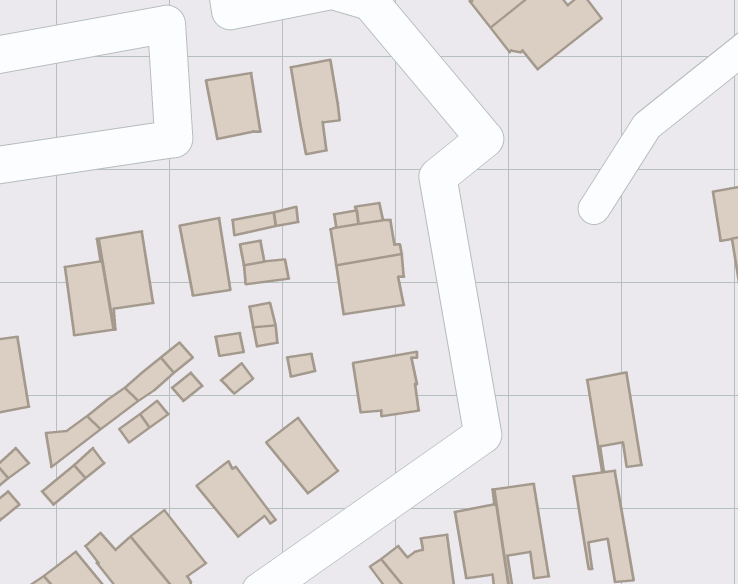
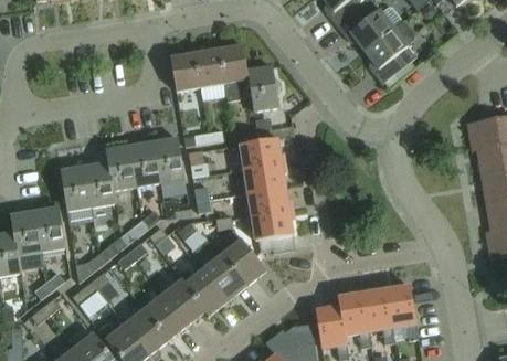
building: none -> [363,20,415,83]
building: none -> [196,49,224,86]
building: none -> [246,65,278,109]
building: none -> [131,141,161,187]
building: none -> [60,166,92,210]
building: none -> [250,188,293,222]
building: [587,373,642,472] -> [361,288,393,347]
building: none -> [223,240,265,285]
building: none -> [178,267,229,314]
building: none -> [145,294,188,339]

